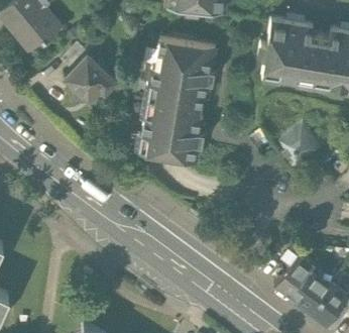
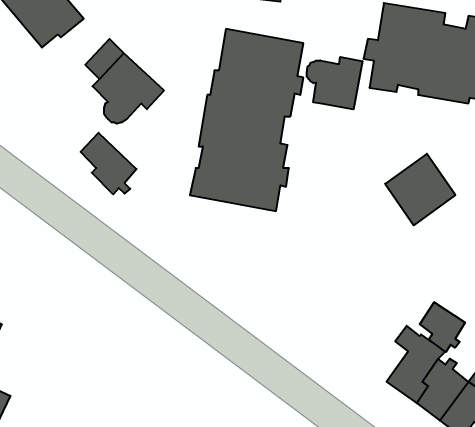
building: none -> [307,57,362,109]
building: none -> [81,133,137,194]
building: none -> [420,302,465,352]

